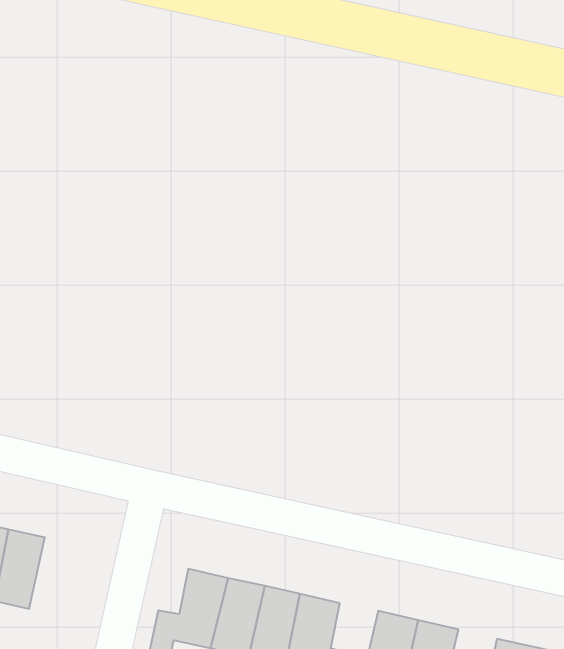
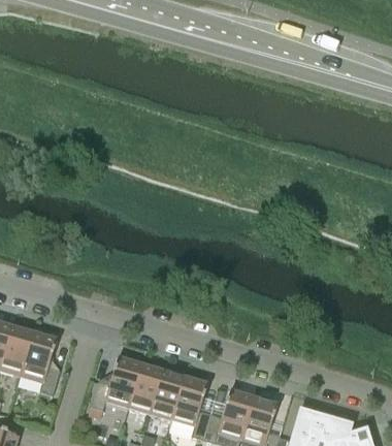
building: none -> [21,331,60,394]

